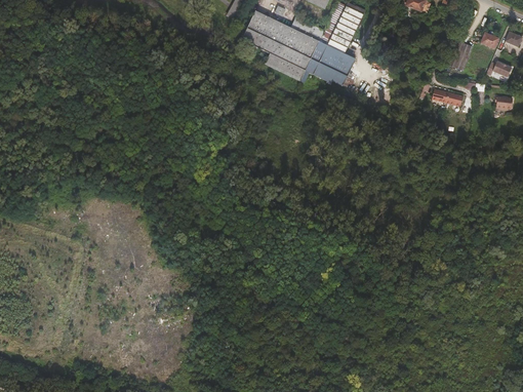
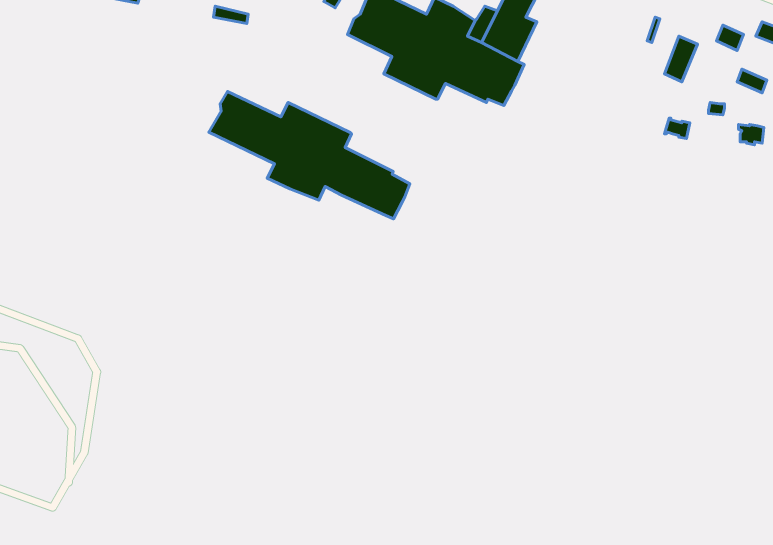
building: none -> [209,92,410,219]

